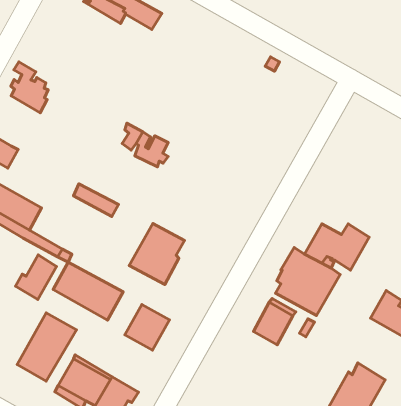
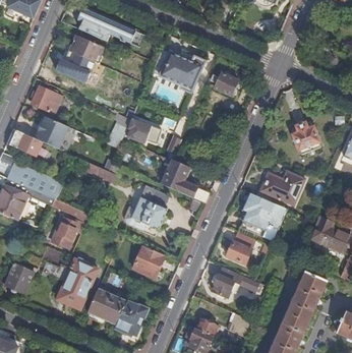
building: none -> [56,35,105,81]
building: none -> [153,48,206,92]
building: none -> [213,72,241,97]
building: none -> [37,117,69,150]
building: none -> [292,122,319,155]
building: none -> [162,159,211,202]
building: [53,262,123,320] -> none
building: none -> [212,267,259,298]

